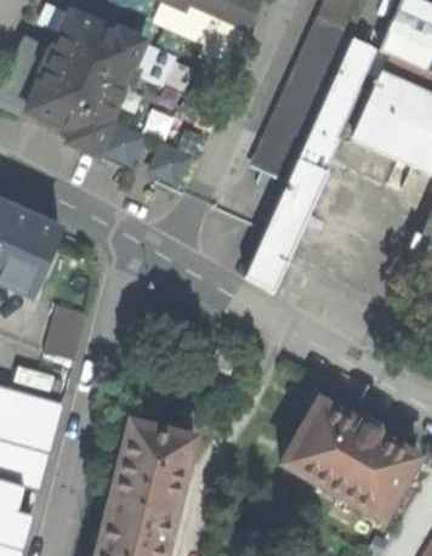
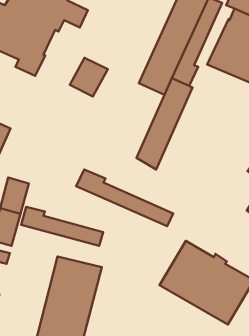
building: [104,118,152,164] -> none
building: none -> [76,170,173,226]
building: none -> [21,207,103,246]

